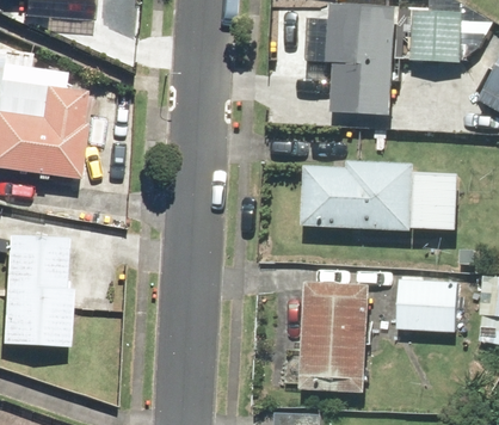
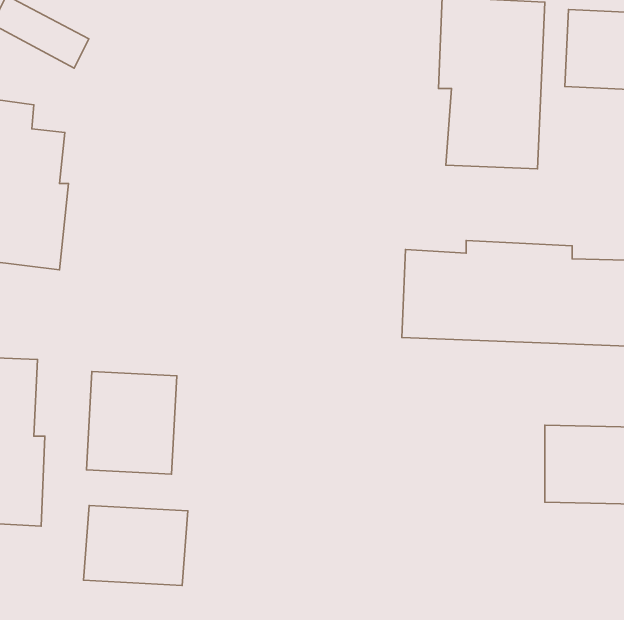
building: none -> [87,371,177,474]
building: [302,282,371,392] -> none
building: none -> [84,506,188,586]

